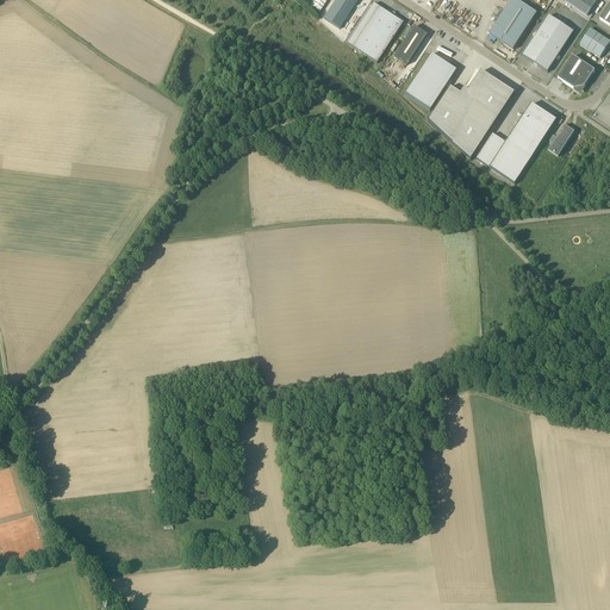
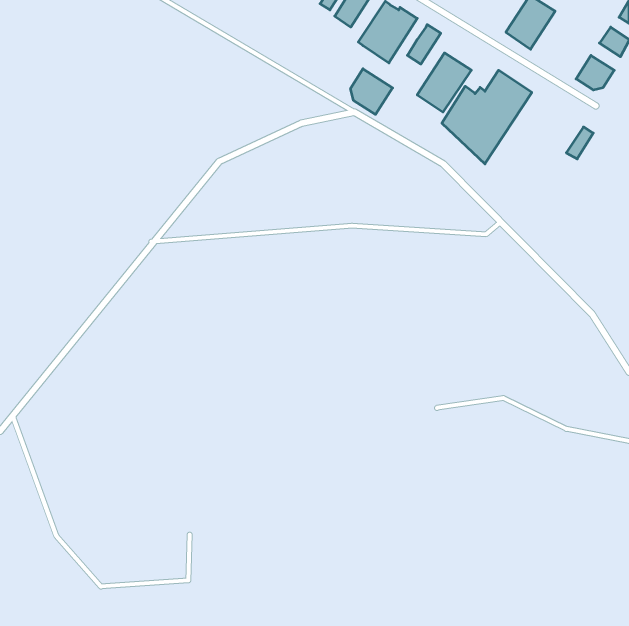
building: [523,13,574,69] -> none
building: none -> [351,69,393,114]
building: [477,101,556,182] -> none

